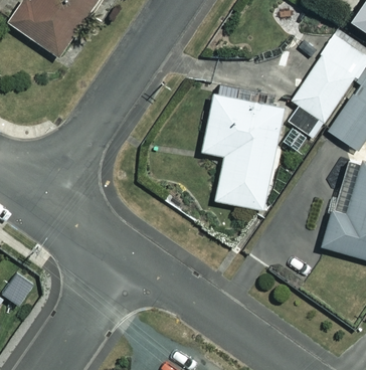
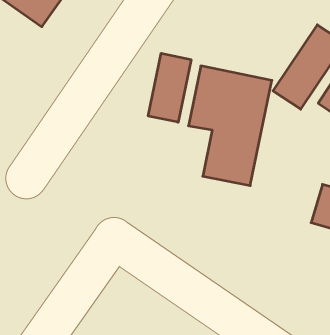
building: none -> [148,53,191,122]

